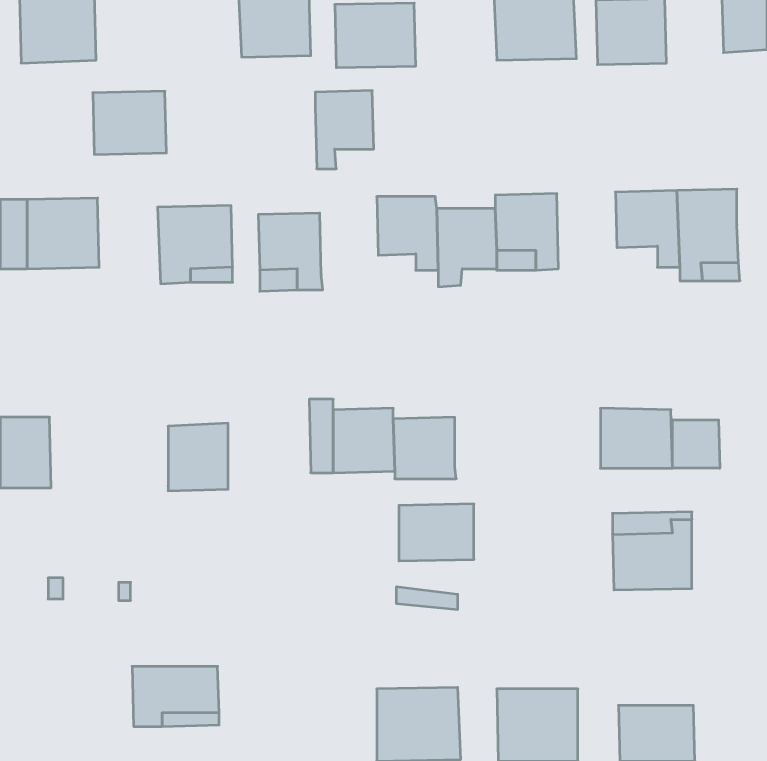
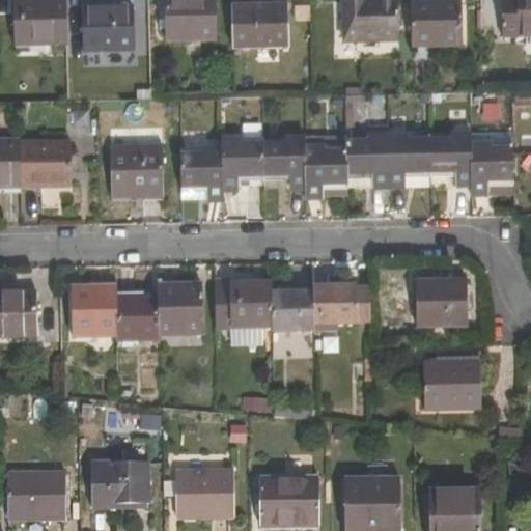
building: [315,91,374,169] -> [221,136,261,190]
building: [93,91,166,154] -> [82,6,133,50]
building: none -> [385,133,426,186]
building: none -> [158,283,199,335]
building: none -> [72,285,116,336]
building: [672,420,720,468] -> none
building: [399,504,474,561] -> [314,283,366,323]
building: none -> [176,467,232,516]
building: none -> [8,470,65,519]

